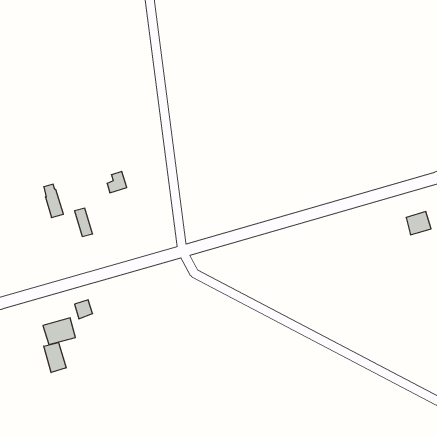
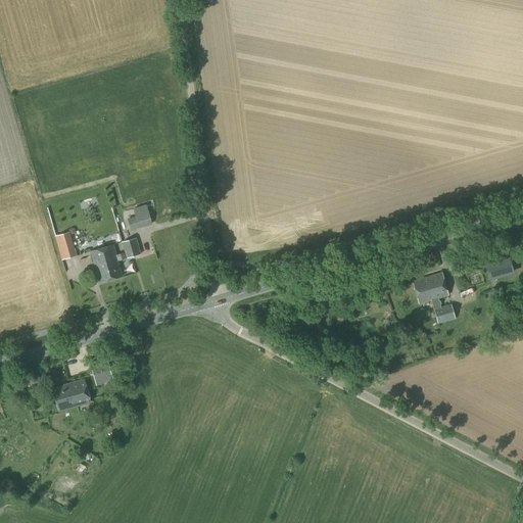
building: none -> [102,238,141,279]
building: none -> [413,272,455,323]
building: [44,343,66,373] -> none

